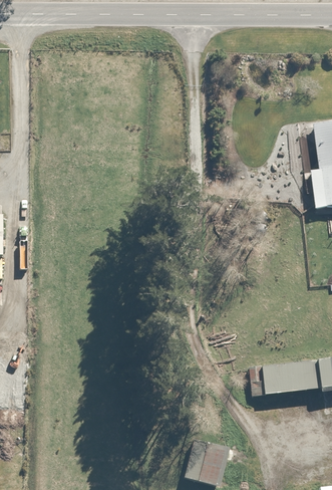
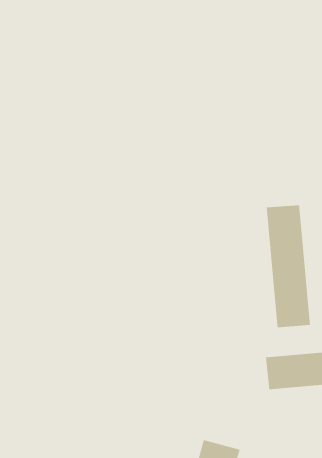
building: none -> [266,204,310,328]

